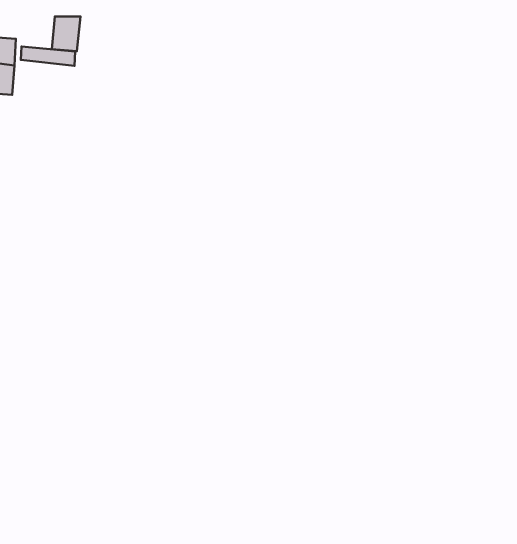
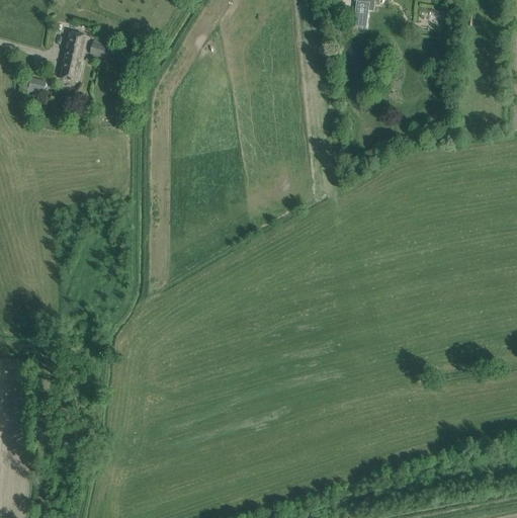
building: [52,16,80,51] -> none

